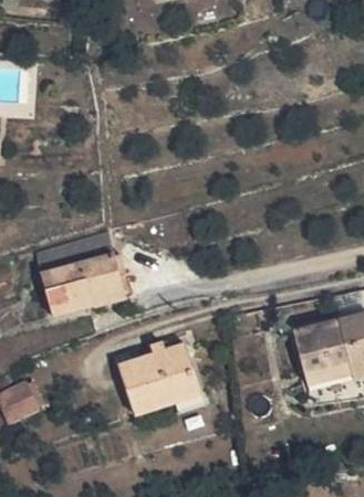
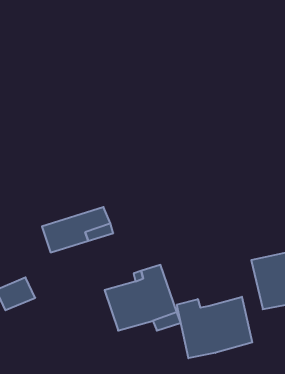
building: [38,248,119,306] -> none
building: none -> [177,297,252,358]

